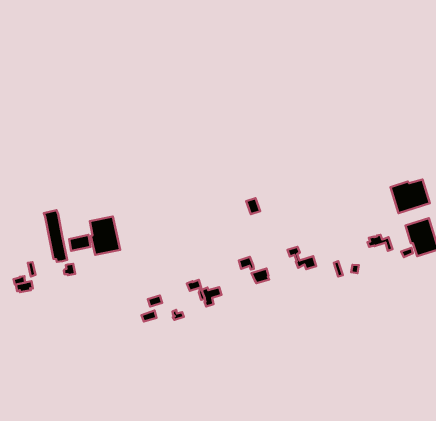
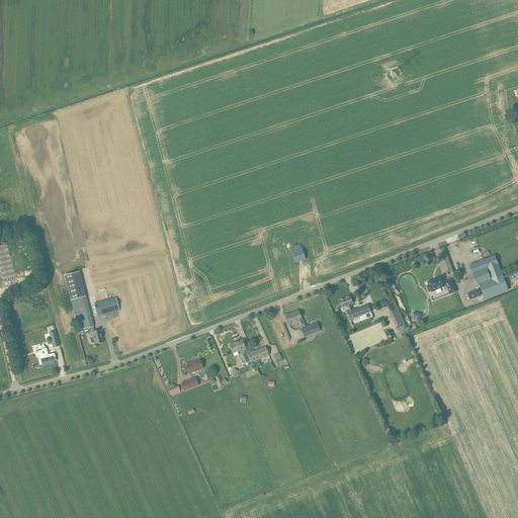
building: [391,180,430,213] -> none
building: [90,216,120,255] -> none

